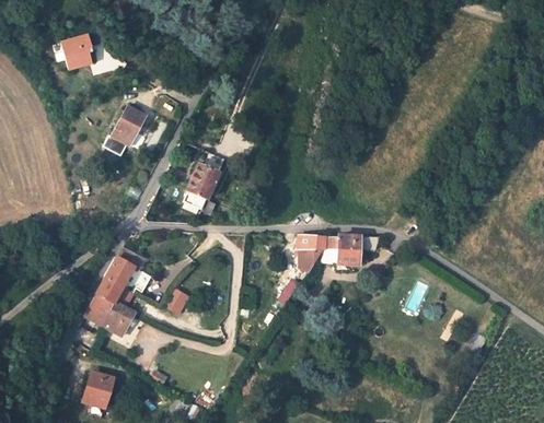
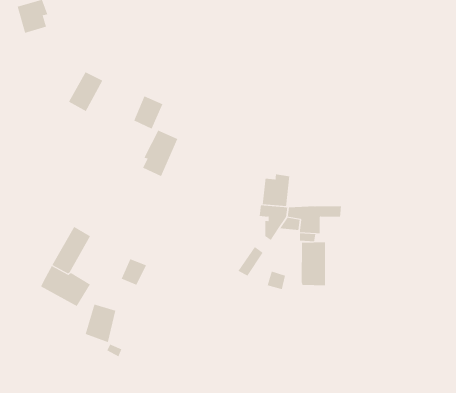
building: none -> [133,96,163,130]
building: none -> [262,174,290,207]
building: none -> [301,242,325,286]
building: [83,369,114,408] -> [85,304,116,343]

